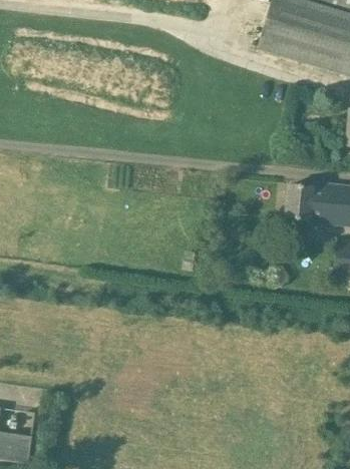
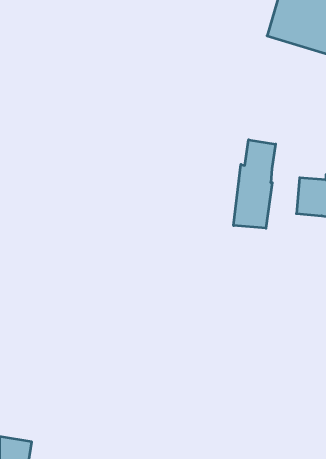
building: none -> [234,140,276,228]

